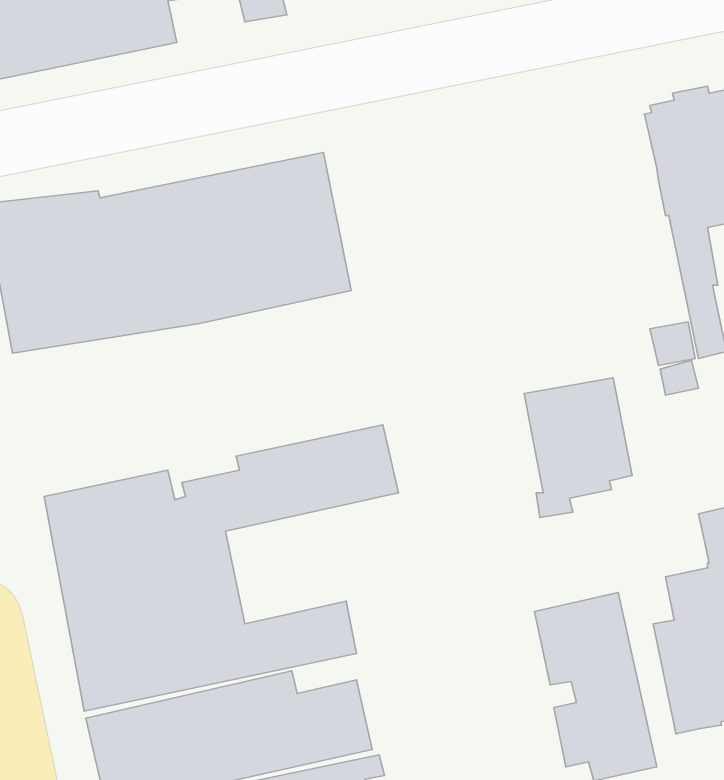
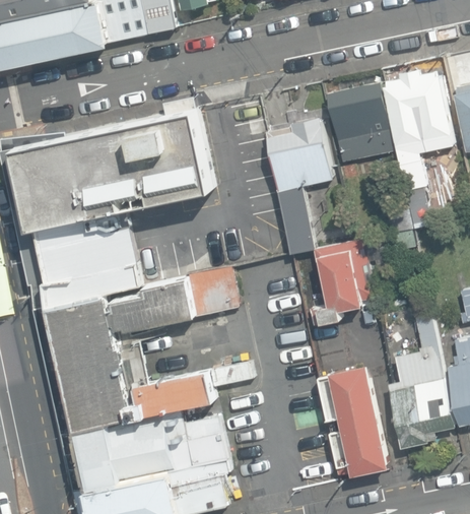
building: none -> [328,81,397,163]
building: none -> [267,118,334,256]
building: none -> [16,209,141,310]

